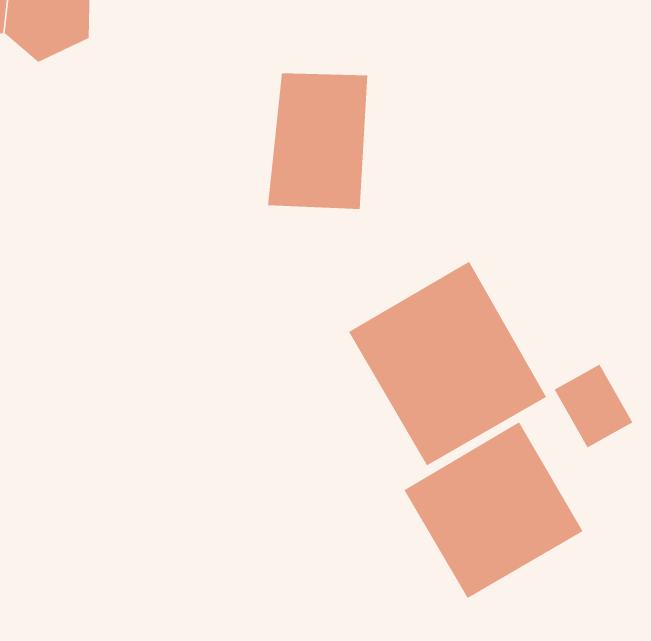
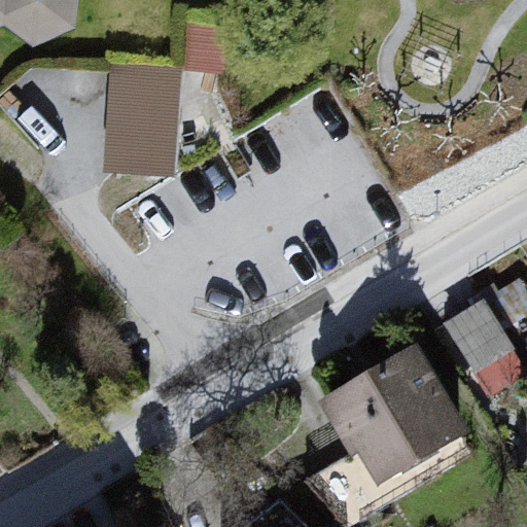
building: [267,73,368,209] -> [98,71,179,181]
building: [348,261,547,466] -> none

